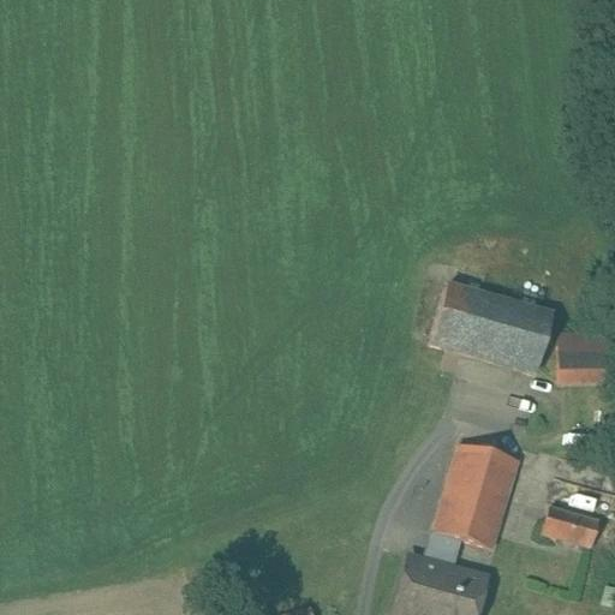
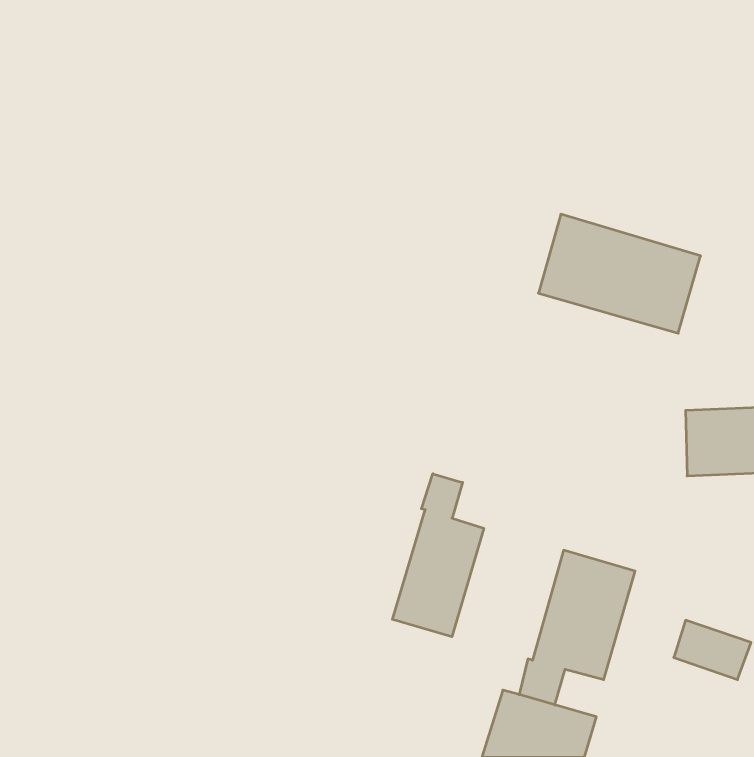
building: [428,279,559,375] -> [538,214,701,333]
building: none -> [392,474,484,637]

